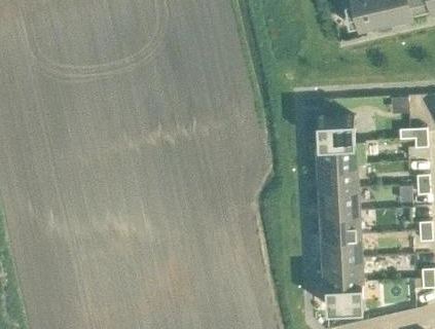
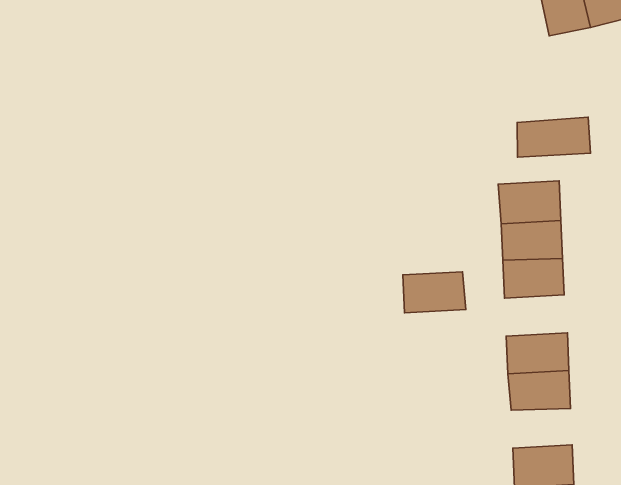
building: none -> [517,117,591,157]
building: [320,189,359,215] -> [403,272,466,313]
building: [324,260,362,285] -> none

